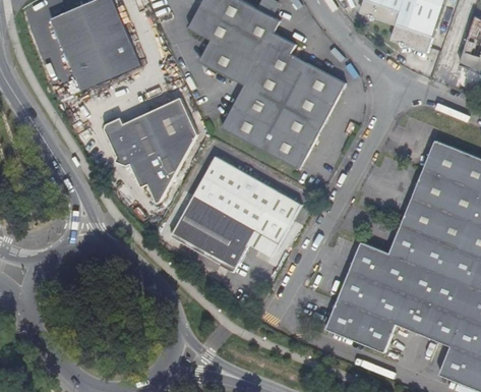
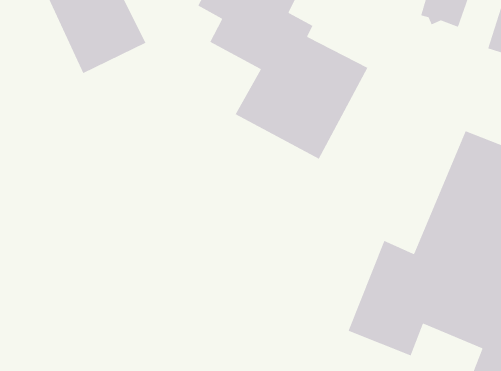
building: [105,98,200,202] -> none
building: [176,152,305,264] -> none

